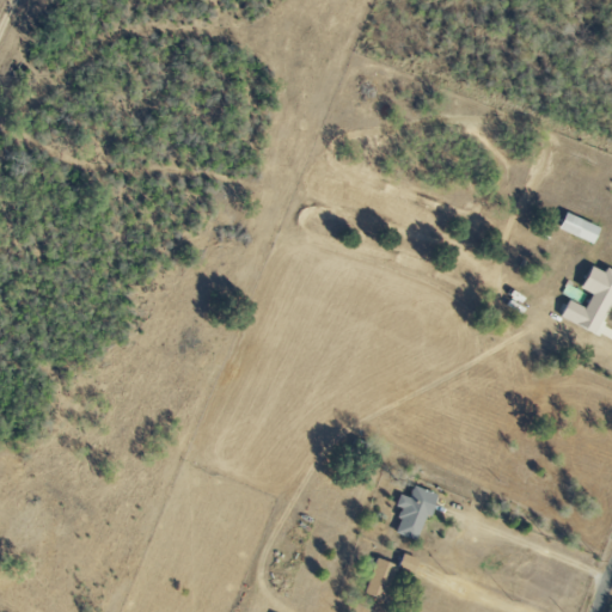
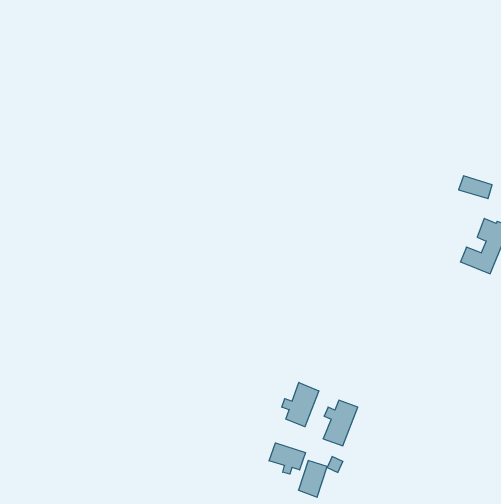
building: none -> [282,382,319,427]
building: none -> [269,443,305,474]

